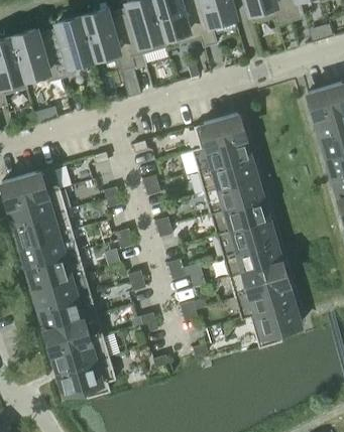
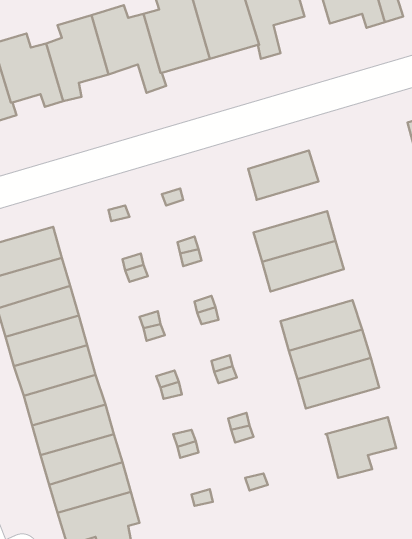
building: [192,135,250,171] -> none
building: [210,197,268,235] -> none
building: [235,282,294,319] -> none

